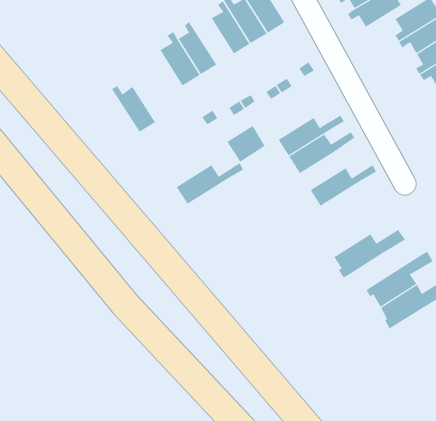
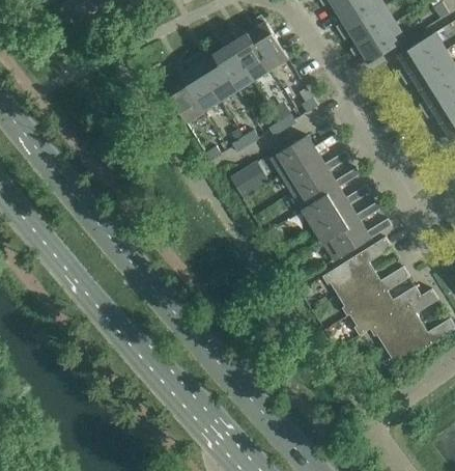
building: [111,85,156,133] -> [193,52,237,100]
building: none -> [304,184,371,226]
building: [176,162,244,205] -> [271,133,339,175]
building: none -> [324,217,392,260]
building: none -> [322,237,392,294]
building: none -> [350,284,422,333]

